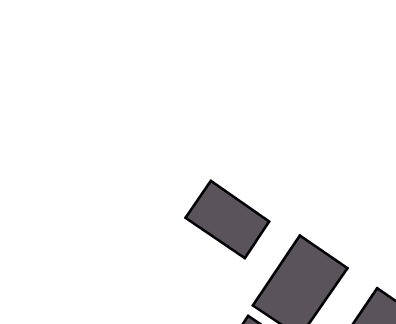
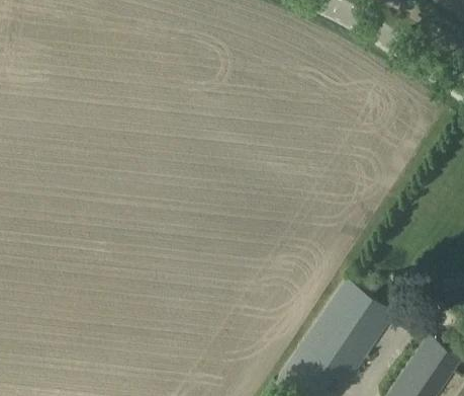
building: [186,181,269,258] -> none

